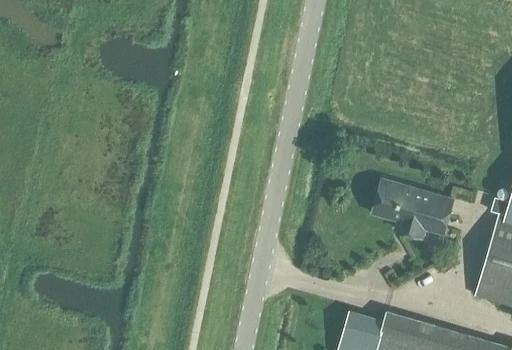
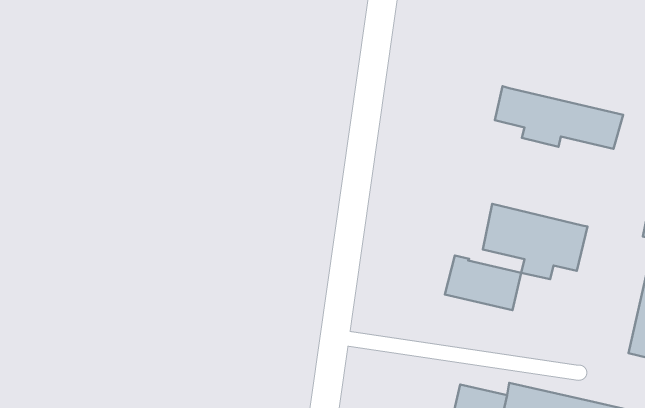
building: none -> [495,86,623,149]
building: none -> [445,255,521,310]

